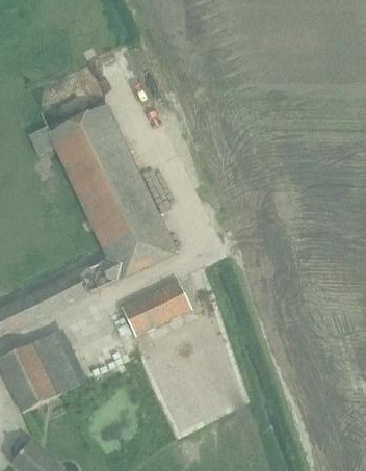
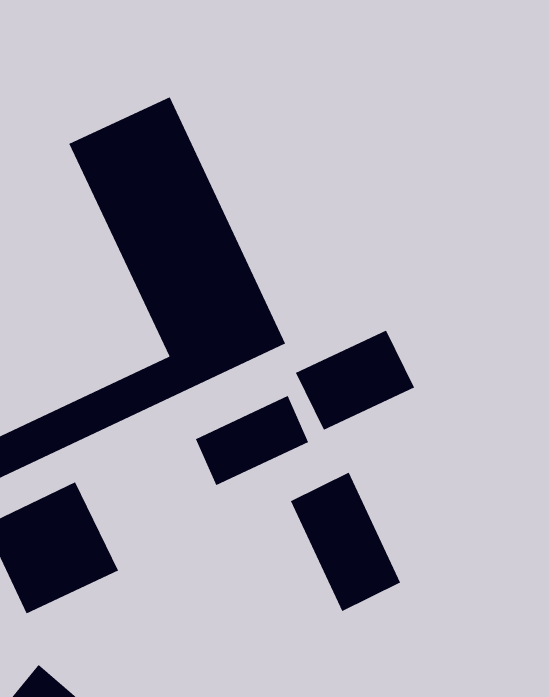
building: none -> [295,329,415,431]
building: none -> [290,472,401,612]

